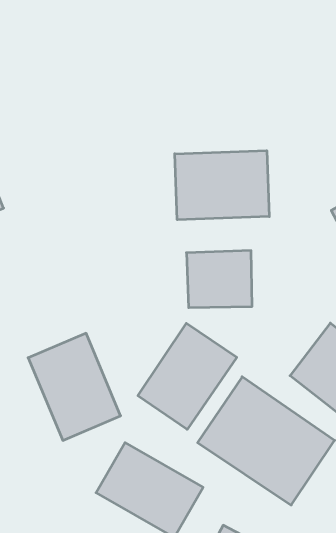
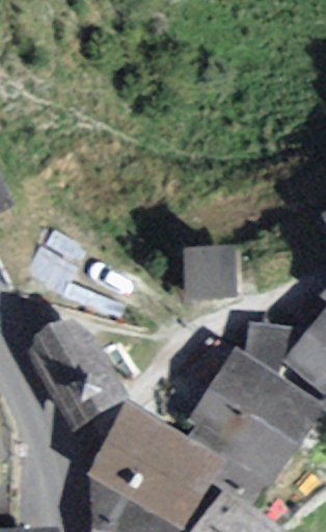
building: [175,151,269,220] -> none
building: [138,323,237,429] -> none

